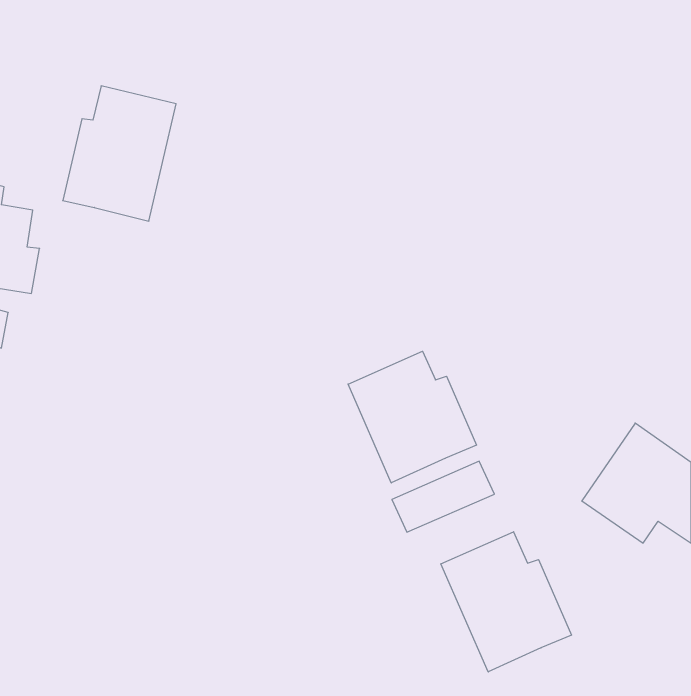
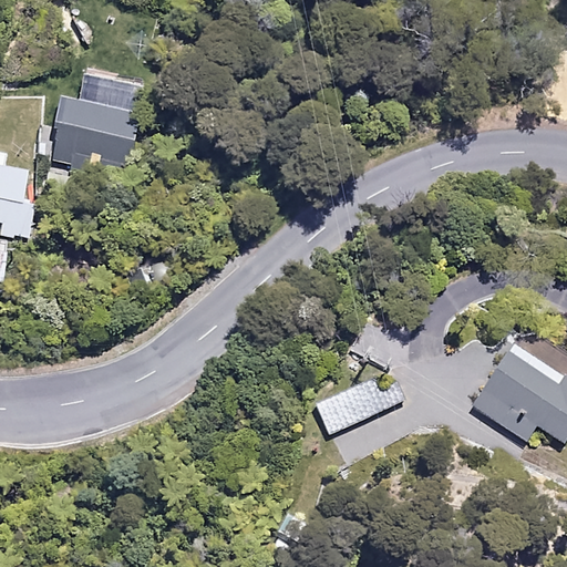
building: [348,351,477,483] -> none
building: [441,532,571,672] -> none

